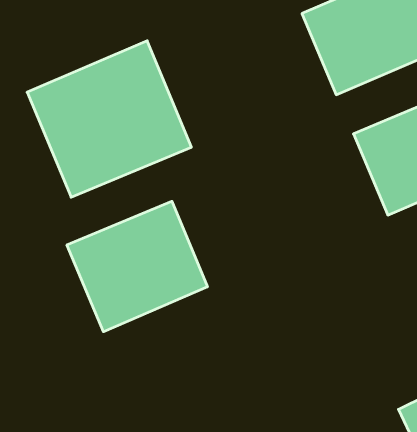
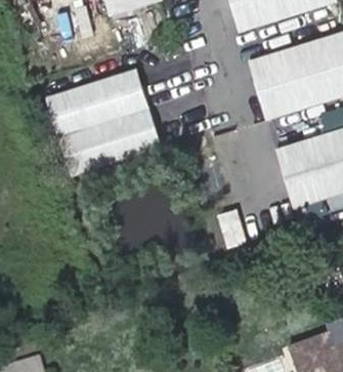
building: [67,201,207,332] -> none

